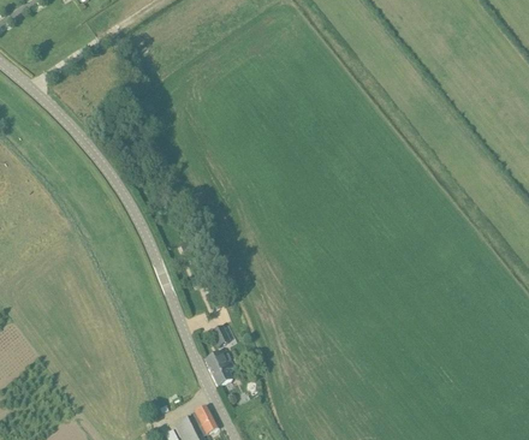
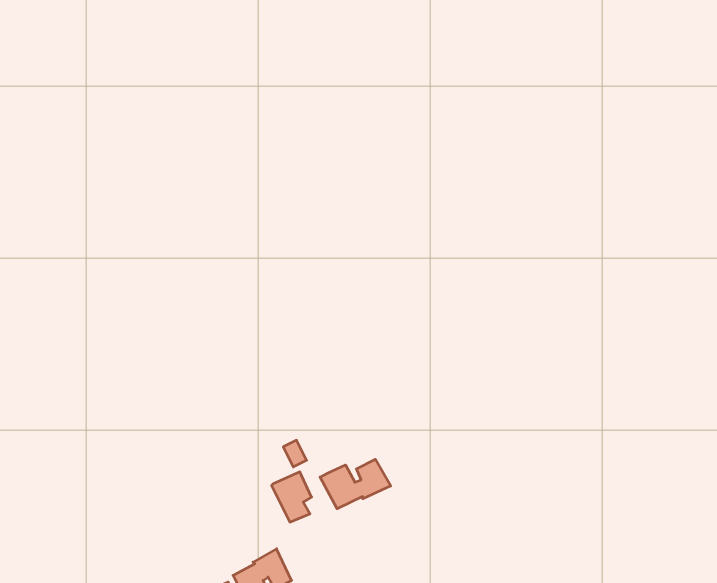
building: none -> [320,459,391,509]

